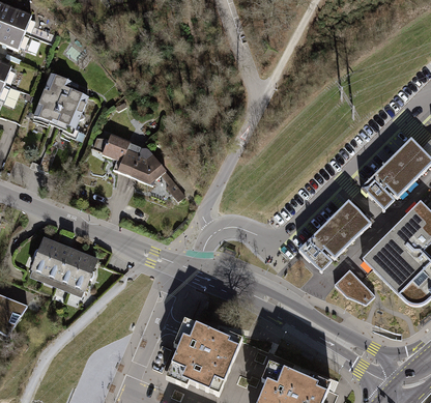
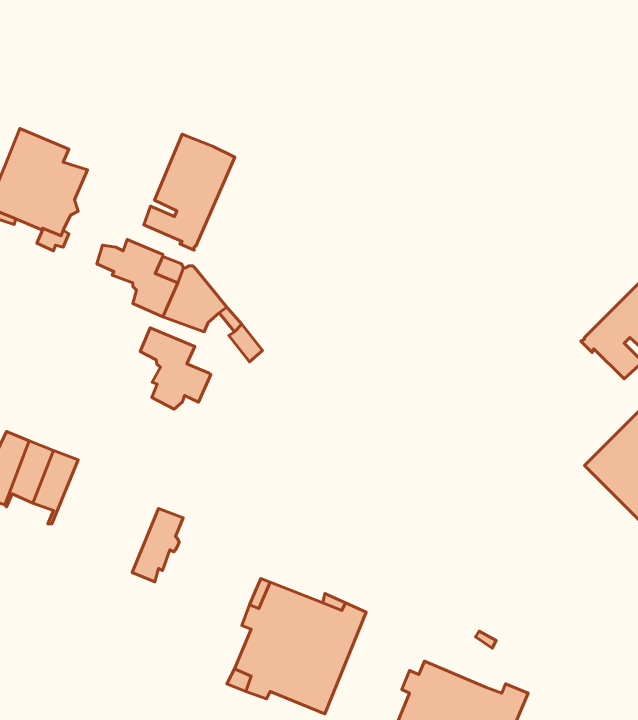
building: none -> [144,134,235,250]
building: none -> [140,328,211,409]
building: [298,200,371,272] -> none
building: [68,255,96,295] -> [132,508,183,582]
building: [334,270,374,306] -> none

